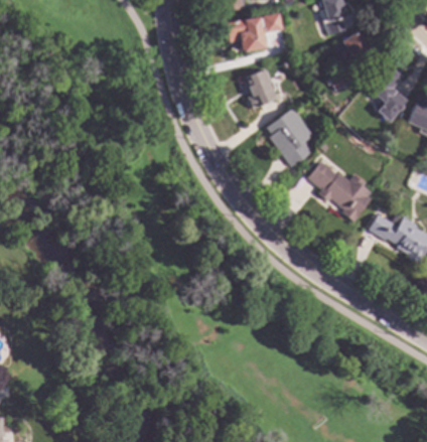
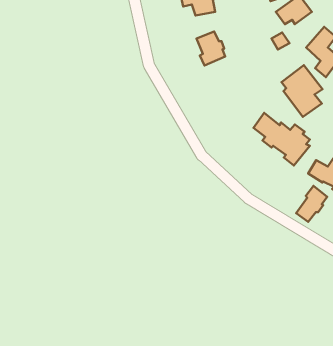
building: [268,108,314,166] -> [282,65,323,117]
building: none -> [296,186,327,222]

